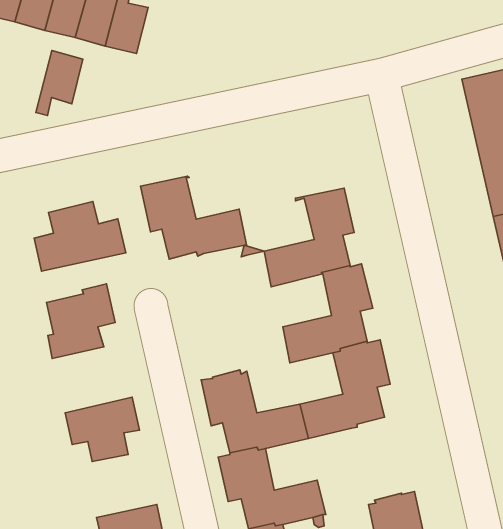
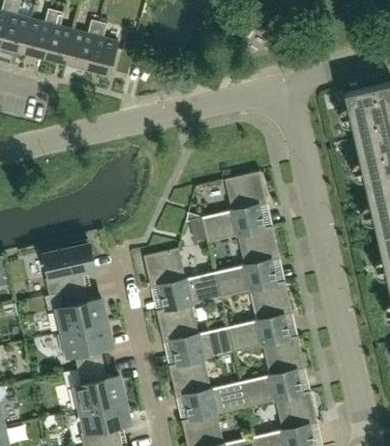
building: [36,50,83,116] -> none
building: [140,176,246,259] -> [144,248,220,308]
building: [34,202,126,271] -> none
building: none -> [49,286,107,333]
building: none -> [240,336,305,407]
building: none -> [76,363,124,409]

